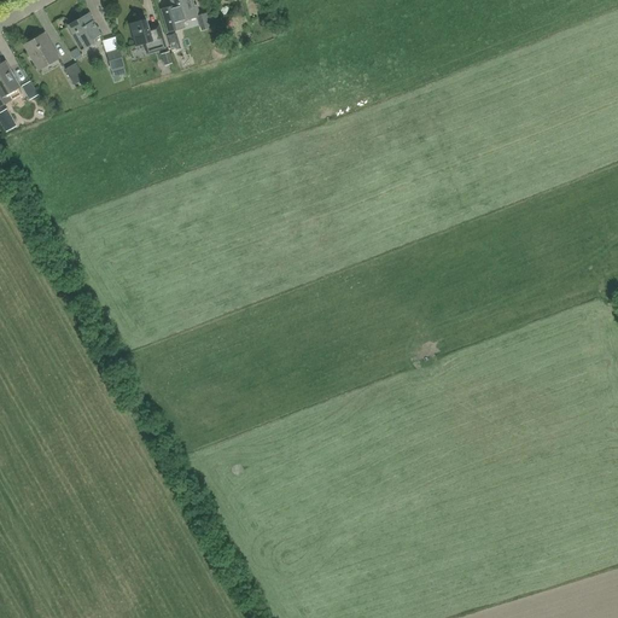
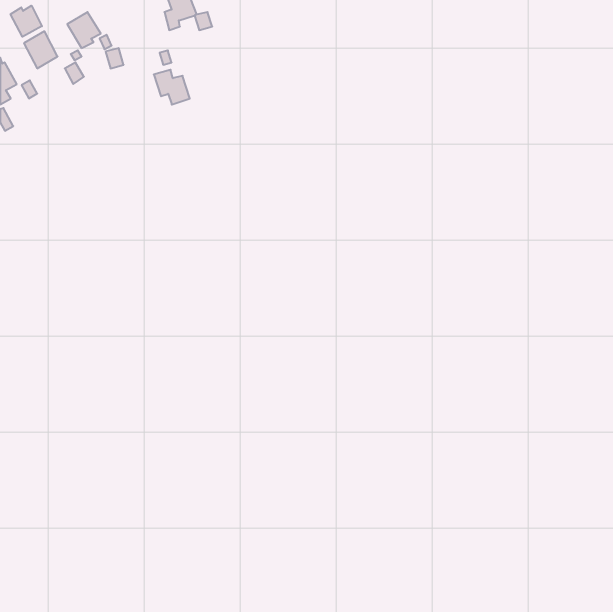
building: none -> [11,6,42,37]
building: [129,18,165,53] -> [154,70,190,105]

